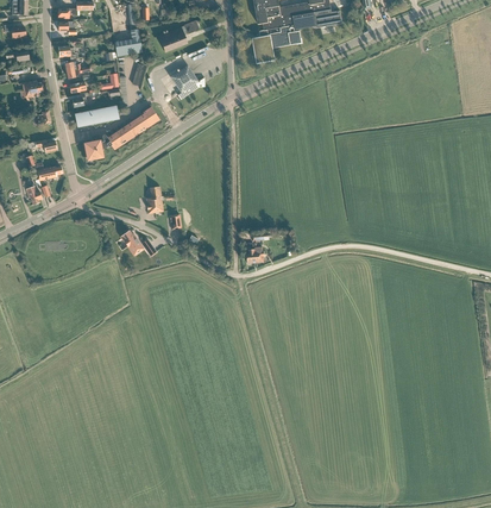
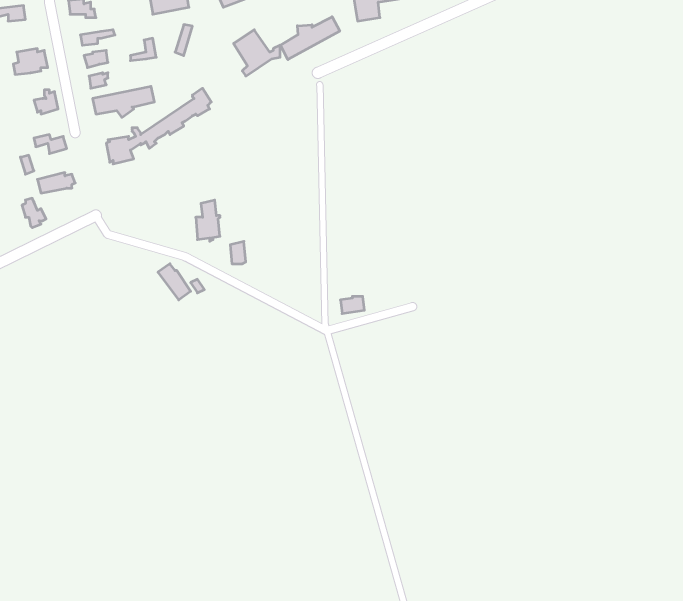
building: none -> [280,17,340,60]

